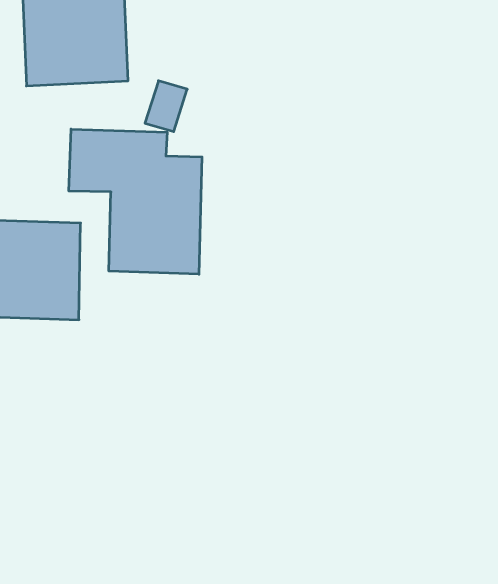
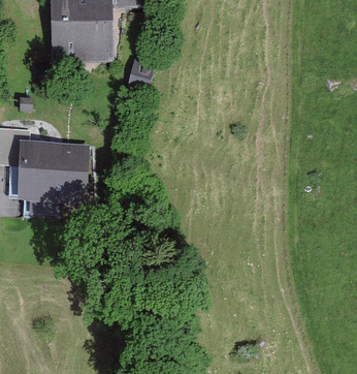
building: [69,129,202,274] -> none

